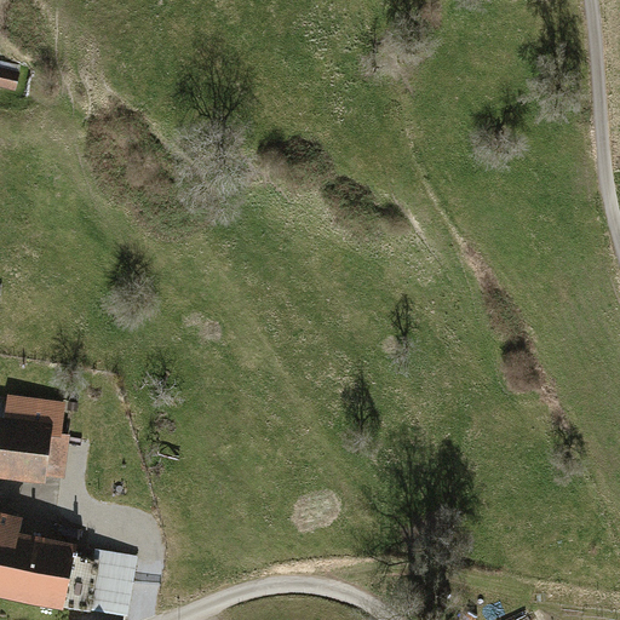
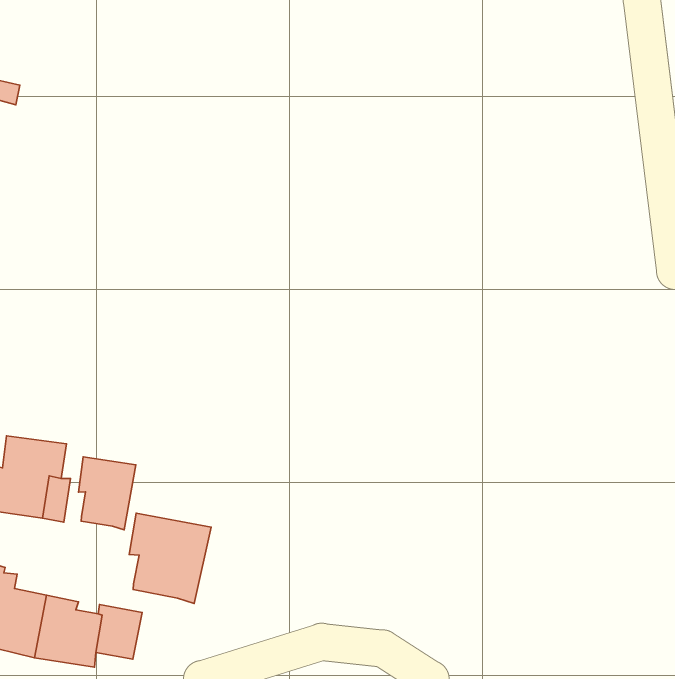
building: none -> [78,457,136,530]
building: none -> [129,513,211,603]

